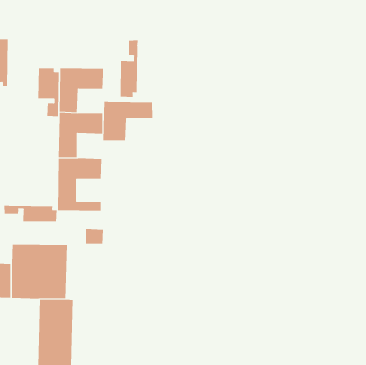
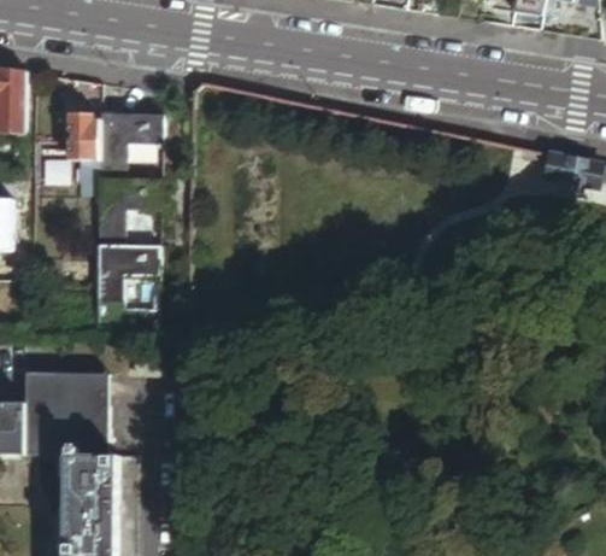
building: [120,40,138,98] -> none
building: [103,101,153,141] -> none
building: [4,205,57,222] -> none

